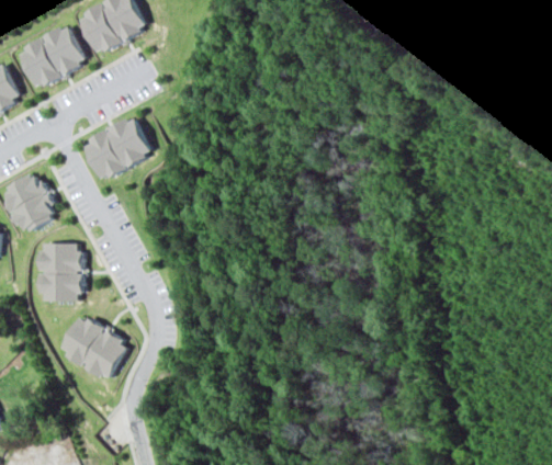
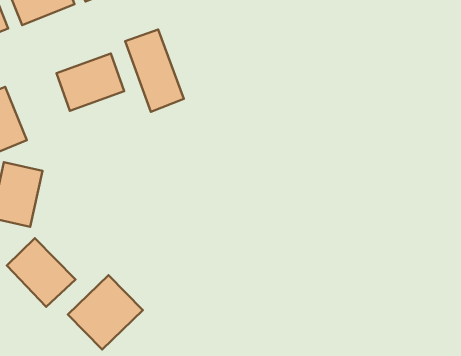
building: none -> [125,29,184,112]
building: none -> [68,275,143,350]

